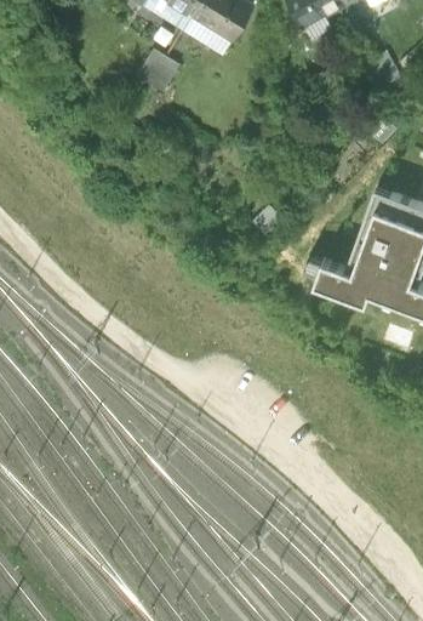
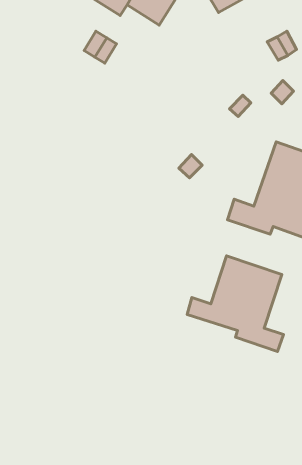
building: none -> [187,256,283,351]

